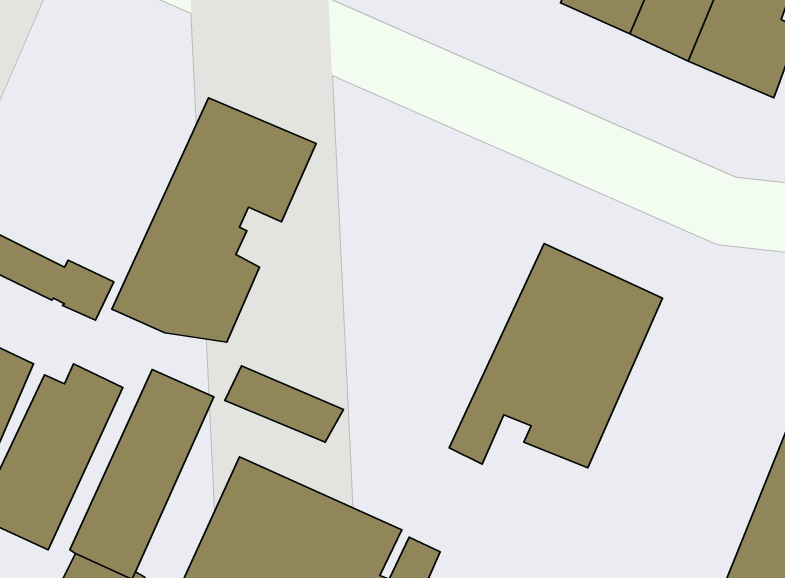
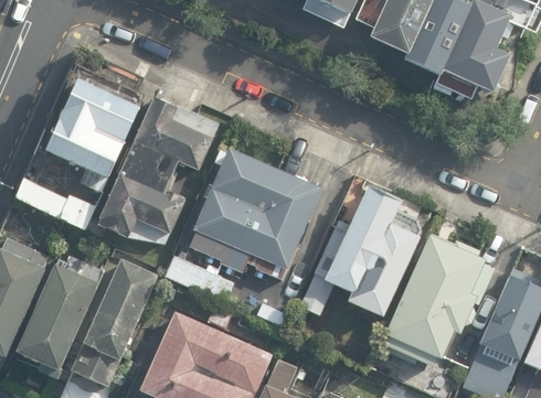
building: none -> [35,61,146,176]
building: none -> [188,151,319,282]
building: none -> [381,234,495,368]

